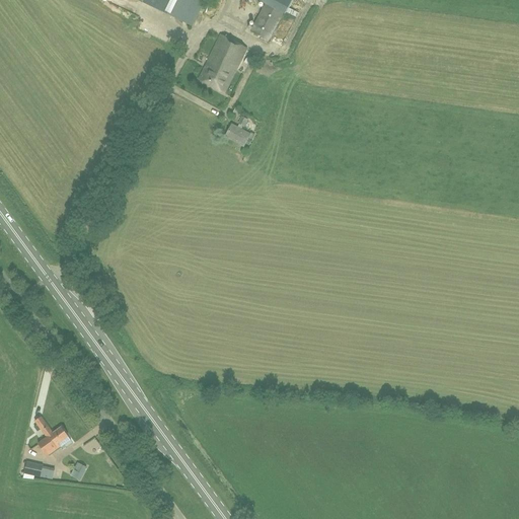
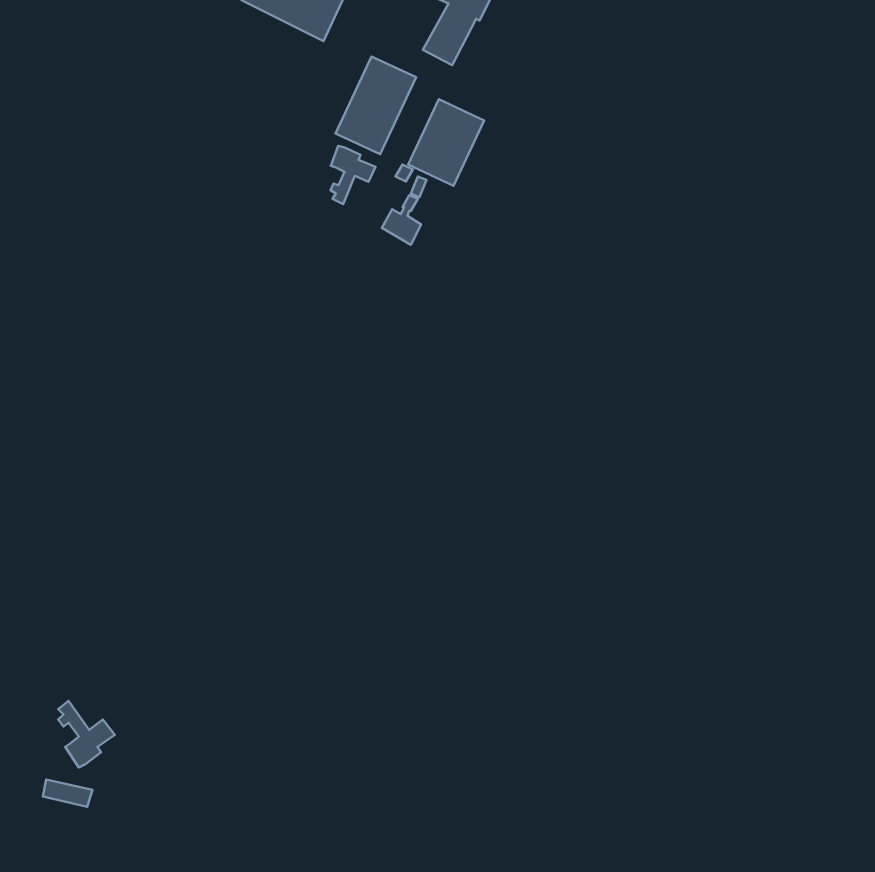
building: none -> [408,99,484,186]
building: none -> [331,146,376,204]

